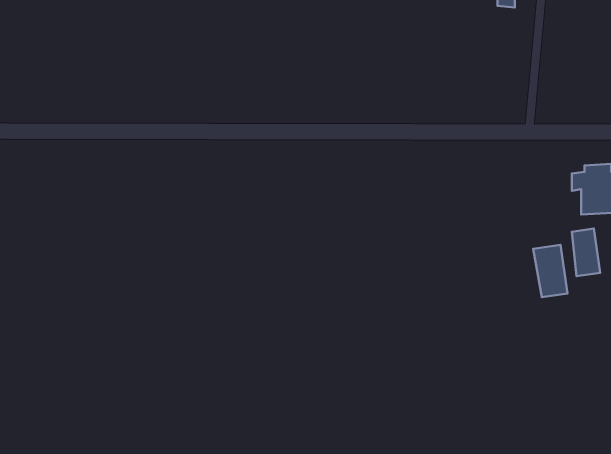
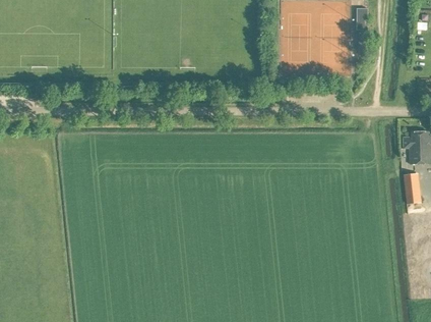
building: [533,245,568,297] -> none

